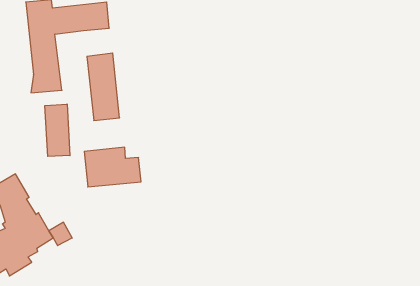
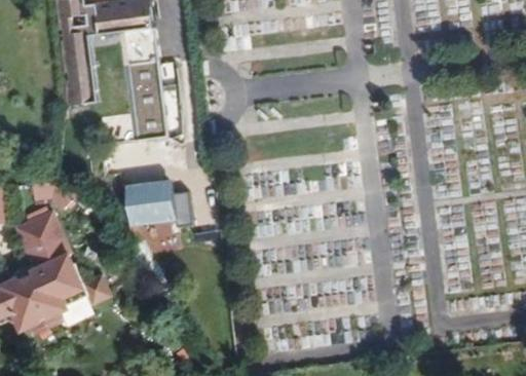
building: none -> [122,36,157,70]
building: [45,104,70,156] -> none

